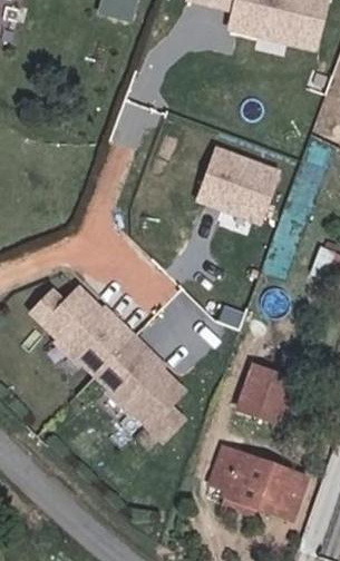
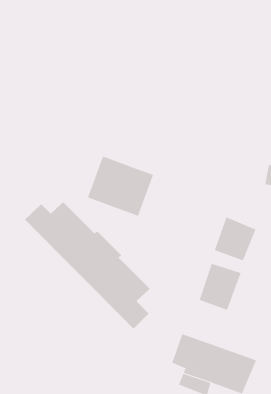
building: [200,147,278,218] -> [87,156,154,217]
building: none -> [214,217,256,261]

